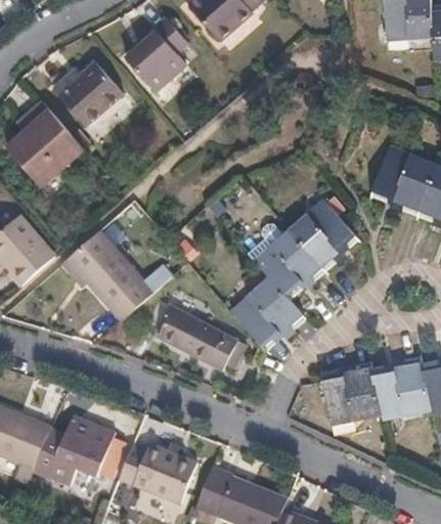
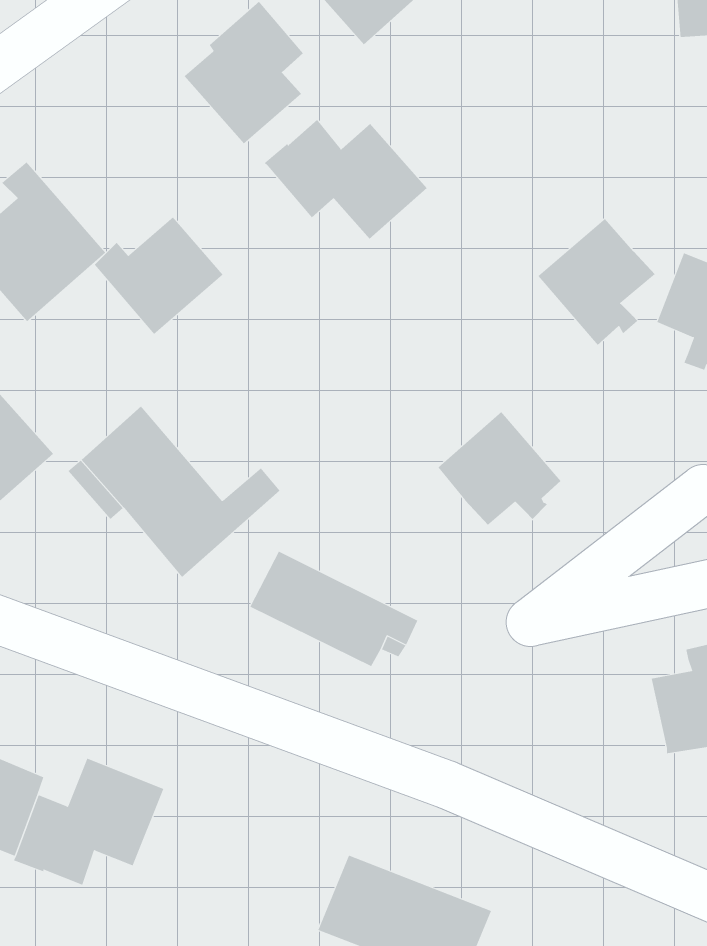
building: [54,63,123,126] -> [94,217,224,335]
building: none -> [264,119,427,240]
building: [292,203,354,270] -> [537,218,656,346]
building: [234,280,304,343] -> none
building: [320,361,379,421] -> none
building: [118,444,195,504] -> none

